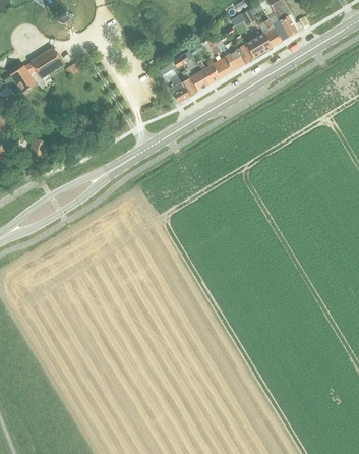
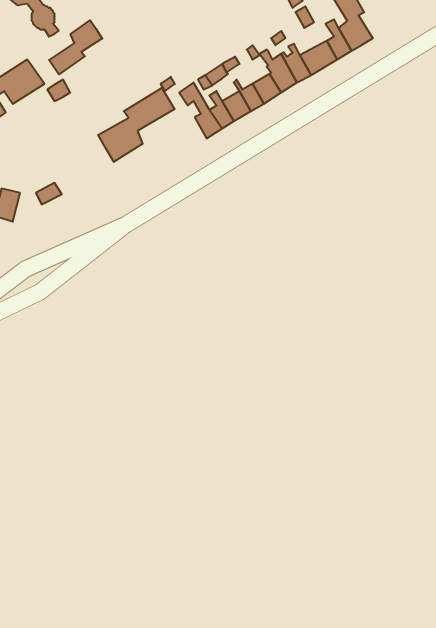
building: none -> [49,20,102,74]
building: none -> [98,88,175,162]

